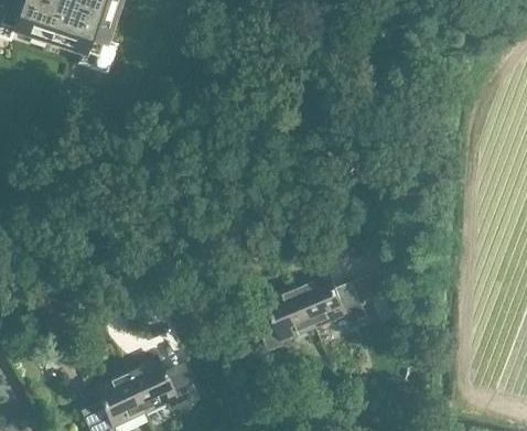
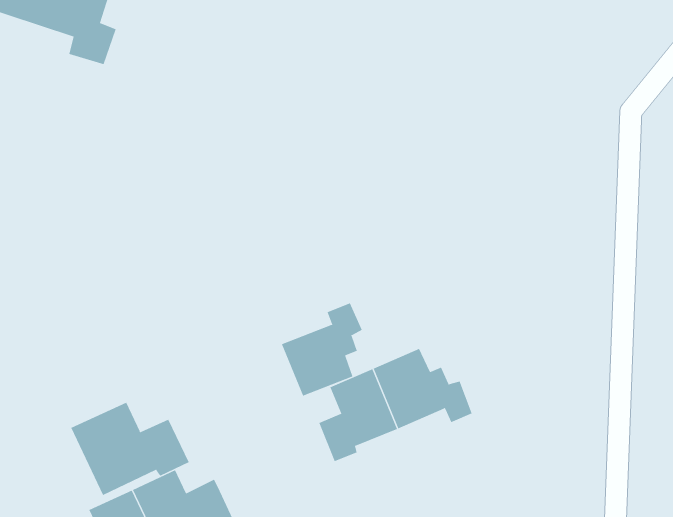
building: none -> [281,302,363,397]
building: none -> [70,402,190,496]

